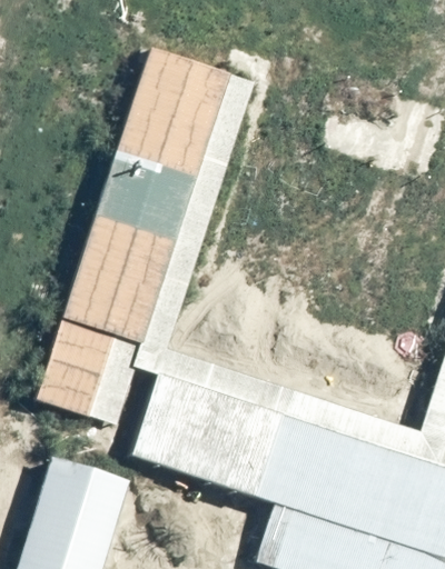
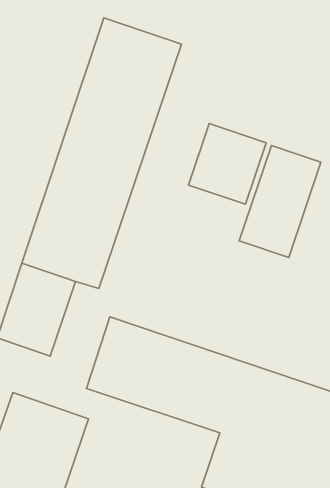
building: none -> [189,124,266,204]
building: none -> [239,146,321,258]

